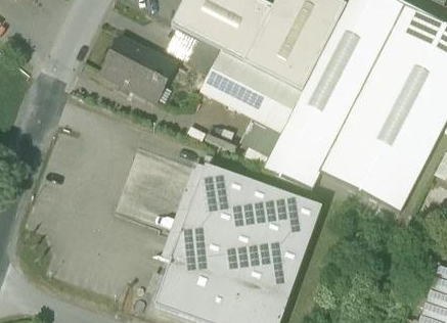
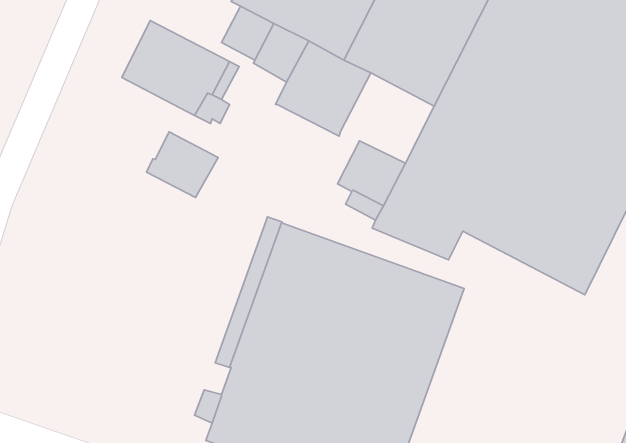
building: [242,67,303,126] -> none
building: none -> [146,132,218,198]

